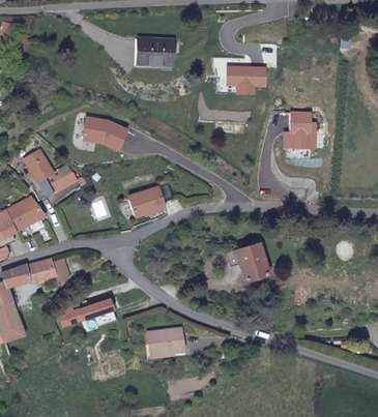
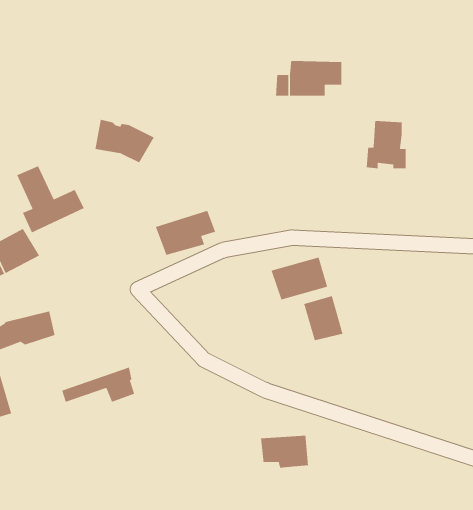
building: [137,36,176,64] -> none
building: none -> [270,256,328,300]
building: [145,328,181,353] -> [260,435,309,469]

